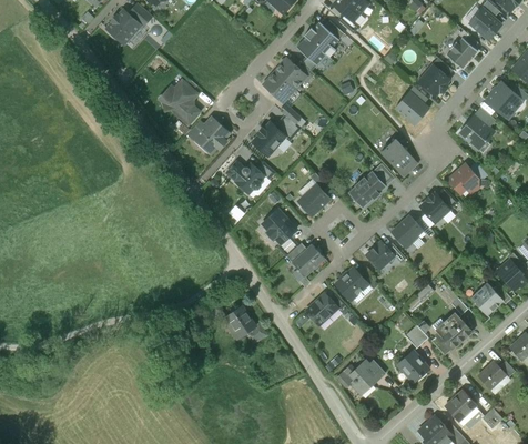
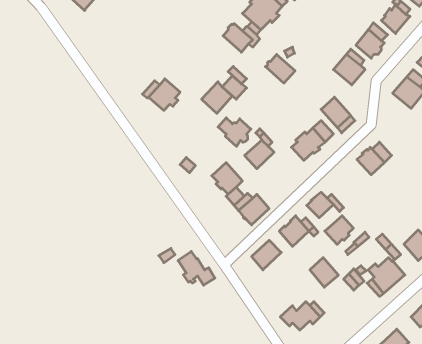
building: [262,71,294,102] -> [265,54,295,83]
building: [162,80,199,123] -> none
building: [227,162,263,193] -> [218,118,251,146]
building: [447,163,478,193] -> none
building: [390,215,422,246] -> [325,216,353,244]
building: [397,350,428,382] -> [310,258,338,287]

